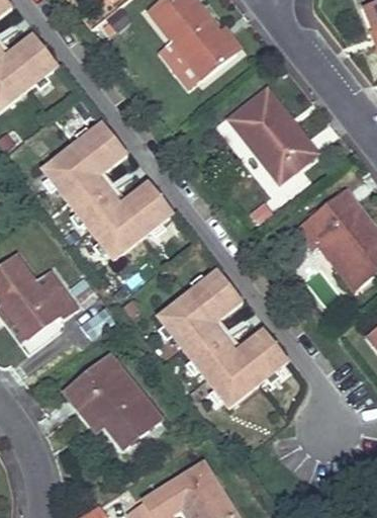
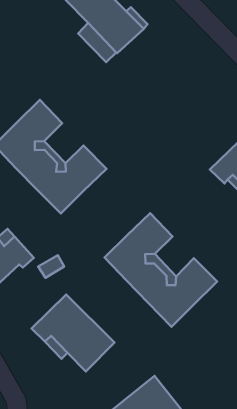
building: [228,89,315,181] -> none

